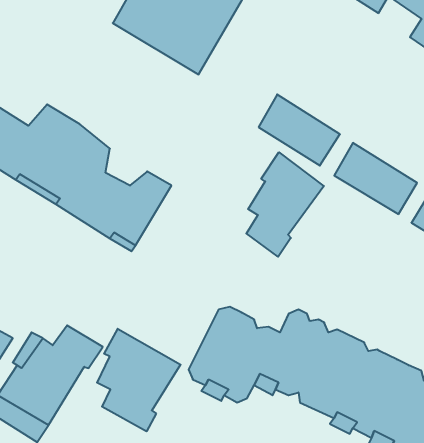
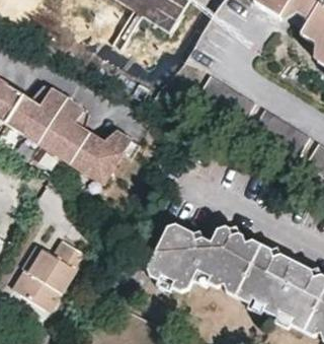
building: [246,152,324,257] -> none
building: [97,329,181,431] -> none

